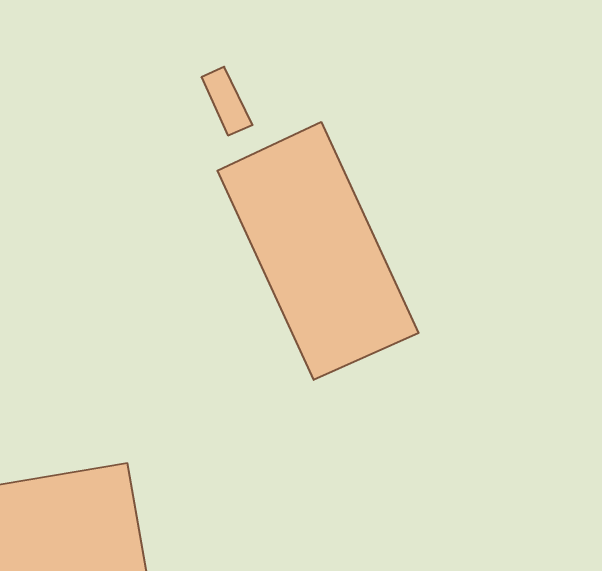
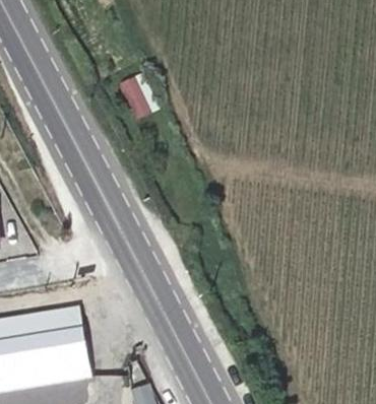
building: [217,122,419,380] -> none

